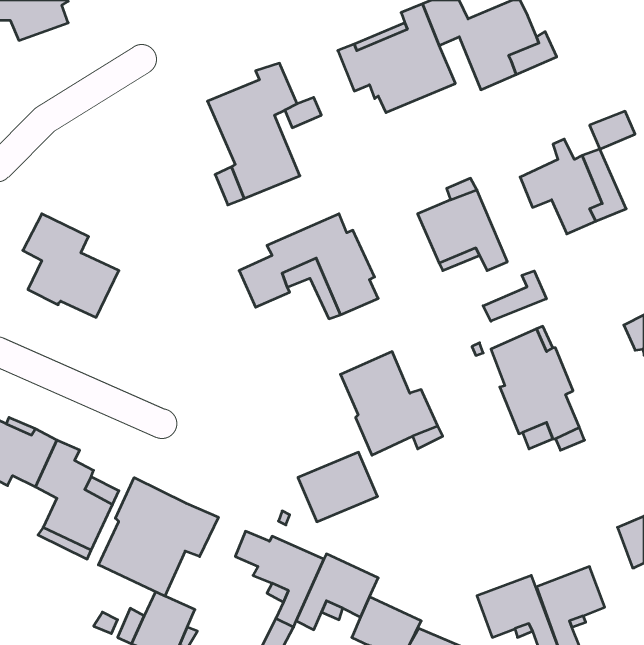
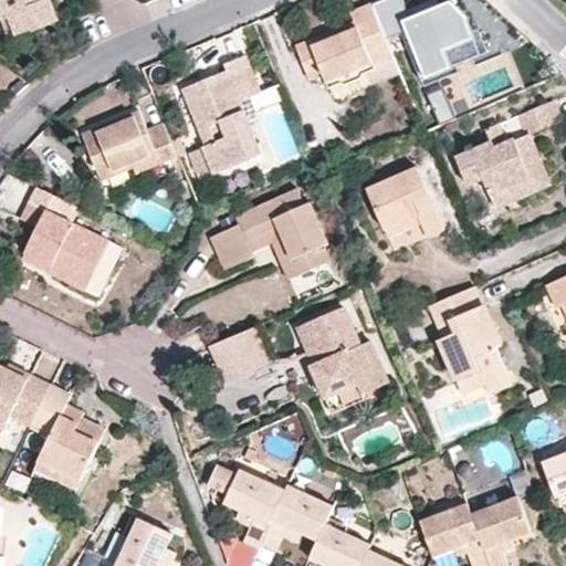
building: none -> [80,111,180,178]
building: none -> [21,238,109,292]
building: [483,271,546,321] -> none
building: [298,452,378,522] -> [207,325,276,386]
building: [98,478,218,596] -> none

